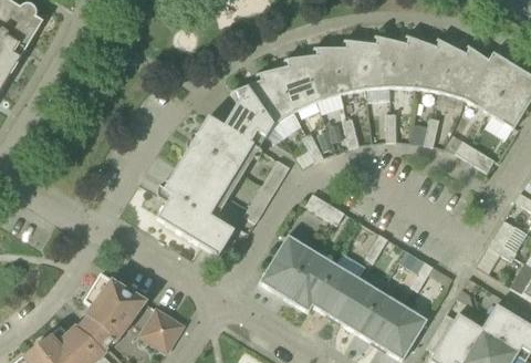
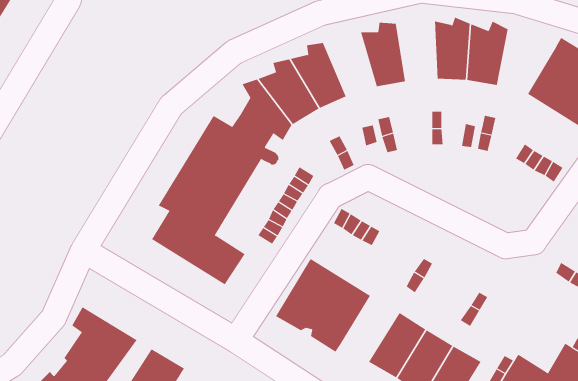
building: [357,35,391,89] -> none
building: [440,45,488,98] -> none
building: [298,48,341,101] -> none
building: [312,265,360,319] -> none

